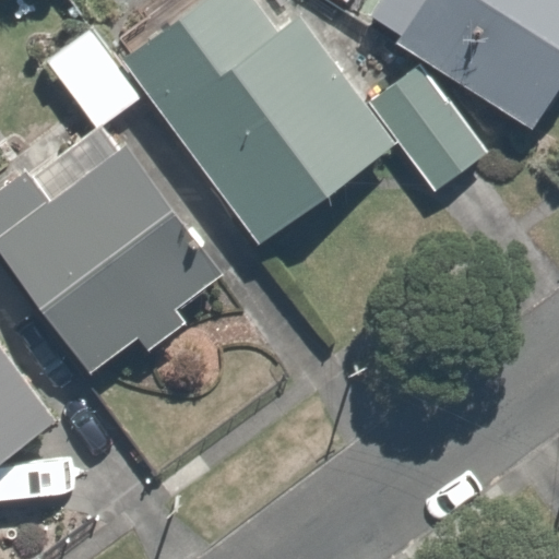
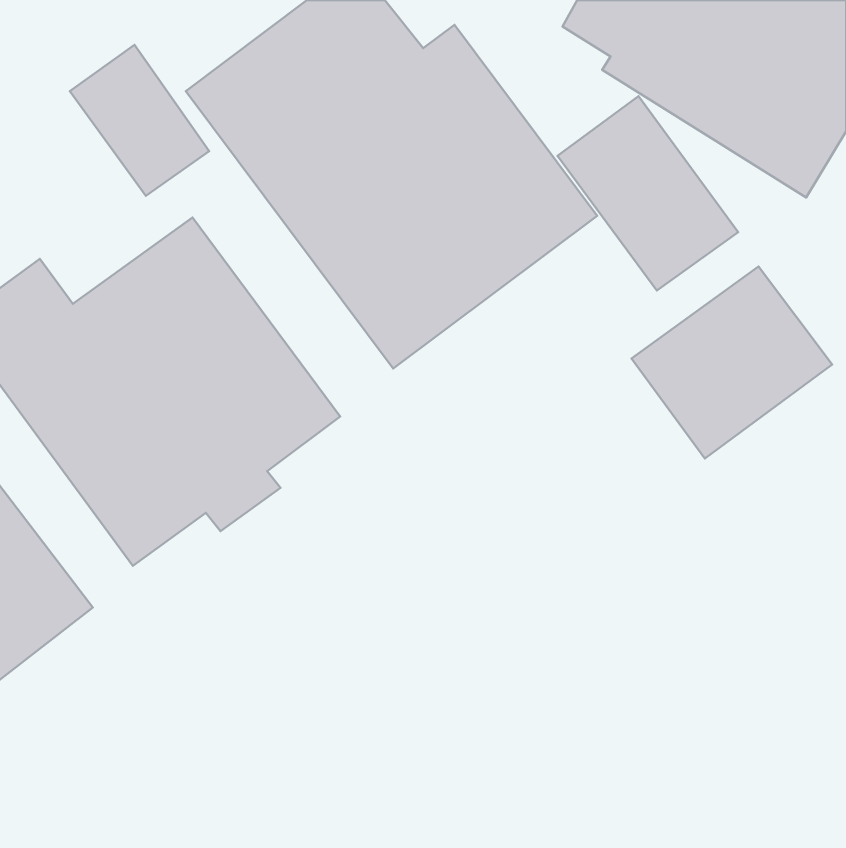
building: none -> [632,266,832,458]

